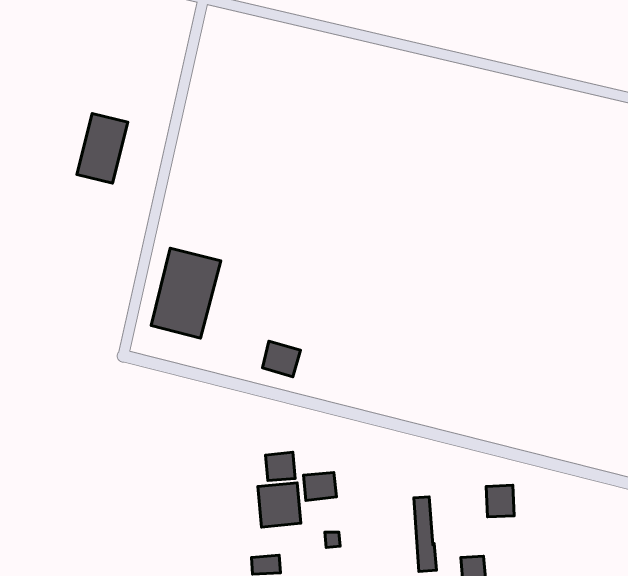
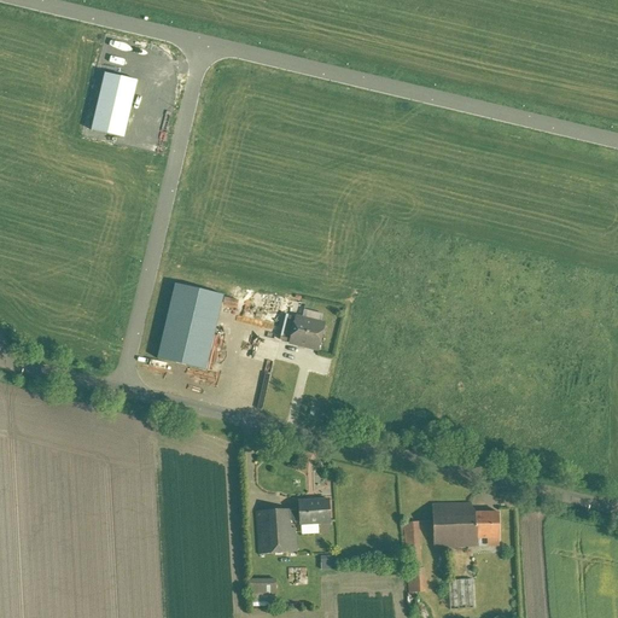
building: [77,113,128,183] -> [89,74,138,140]
building: [262,341,301,377] -> [290,314,326,348]
building: [265,452,295,480] -> none
building: none -> [432,502,474,548]

